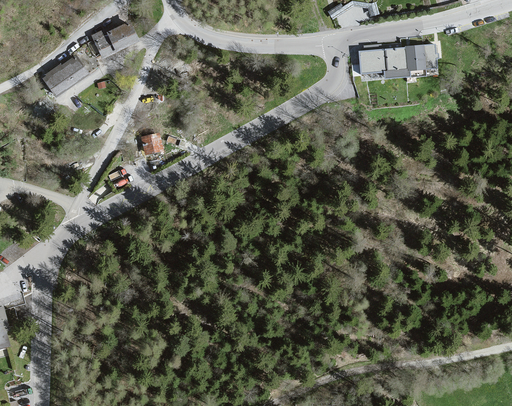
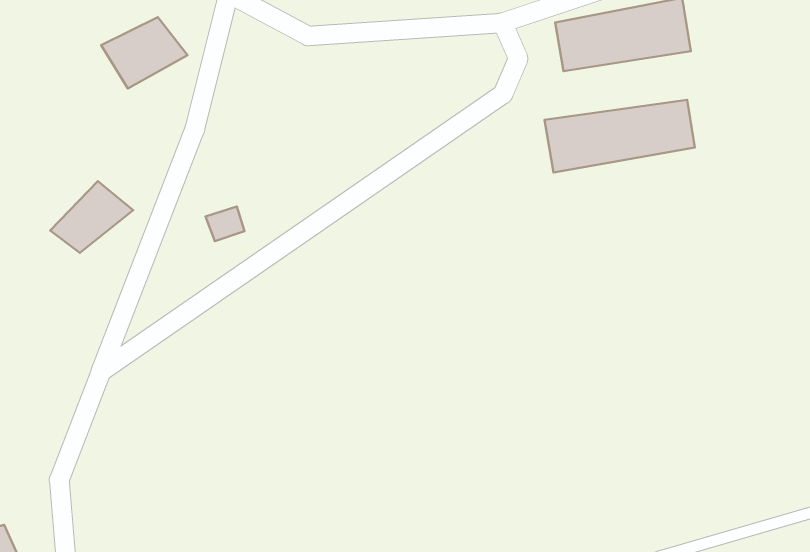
building: [39,58,89,99] -> [50,181,133,253]
building: none -> [545,100,695,172]

